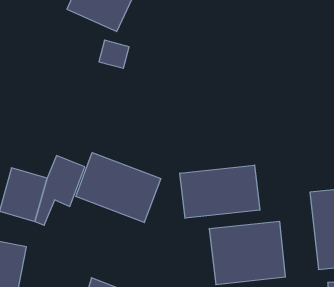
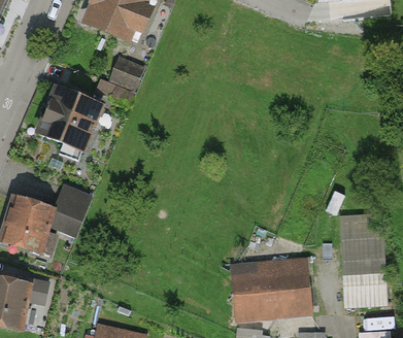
building: none -> [29,83,103,155]
building: [76,153,161,223] -> none
building: [180,165,260,218] -> none

